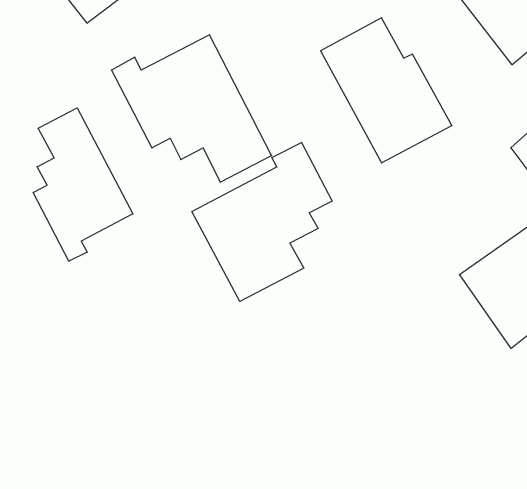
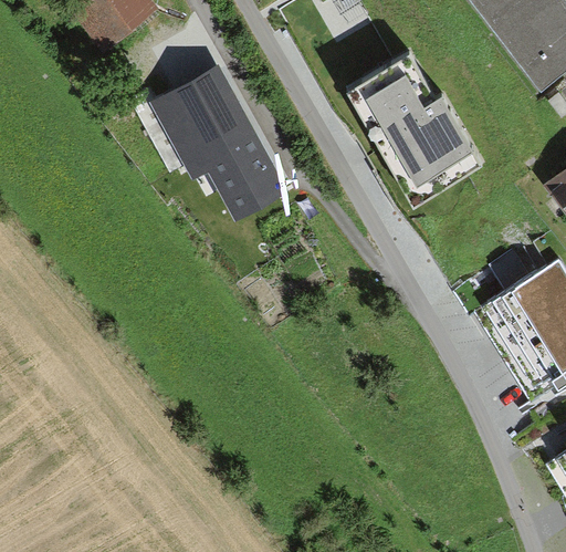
building: [33,108,133,261] -> none
building: [192,142,332,301] -> none

